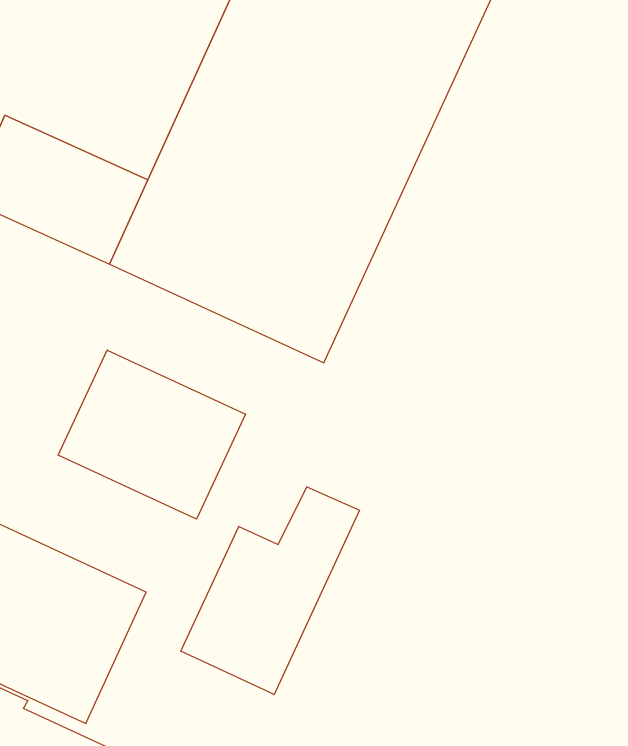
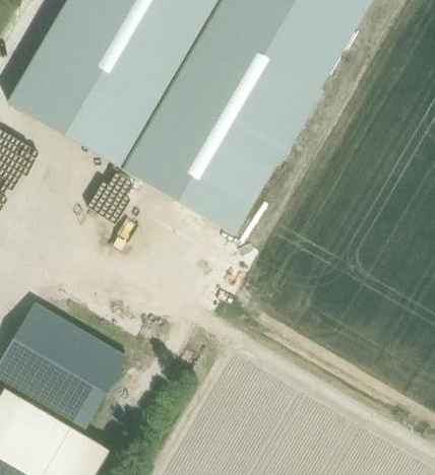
building: [58,350,246,519] -> none
building: [181,487,359,695] -> none

